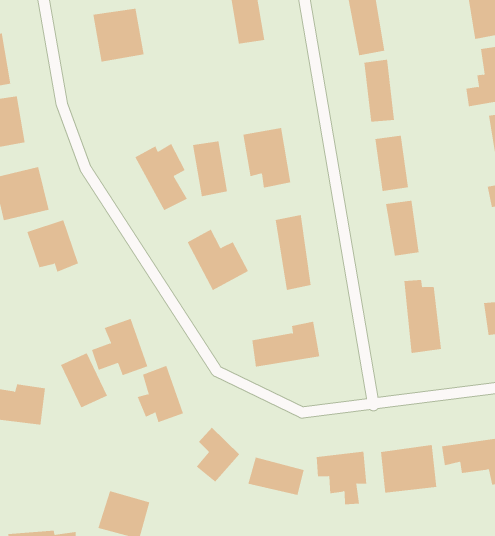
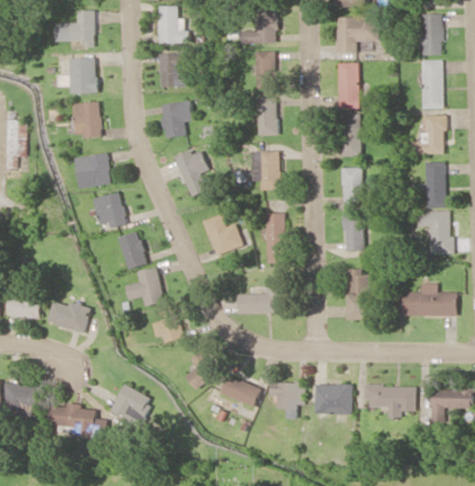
building: none -> [161,101,192,138]
building: [192,141,228,197] -> [257,99,277,136]
building: [60,352,108,408] -> [117,232,147,270]

